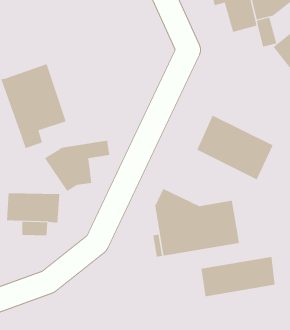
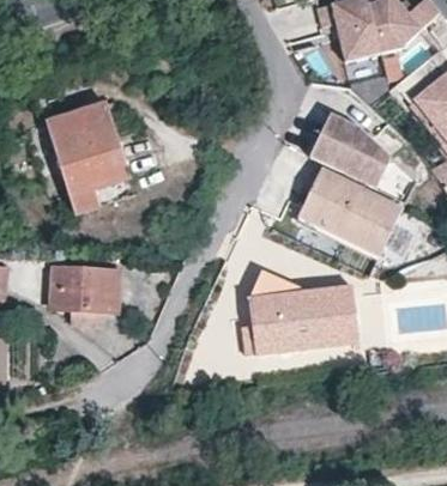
building: none -> [308,115,388,188]
building: [44,140,110,192] -> none
building: [201,256,275,297] -> none

